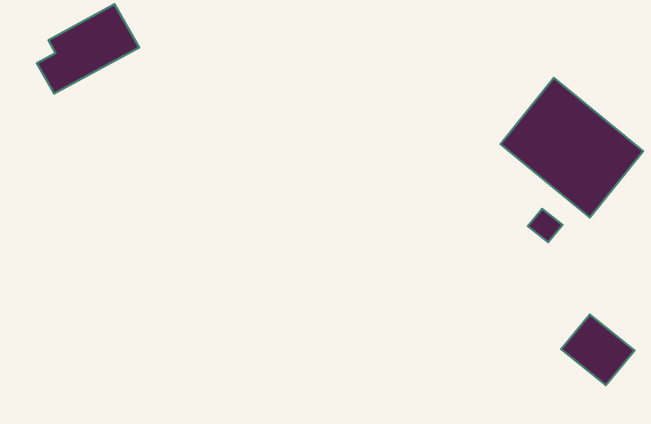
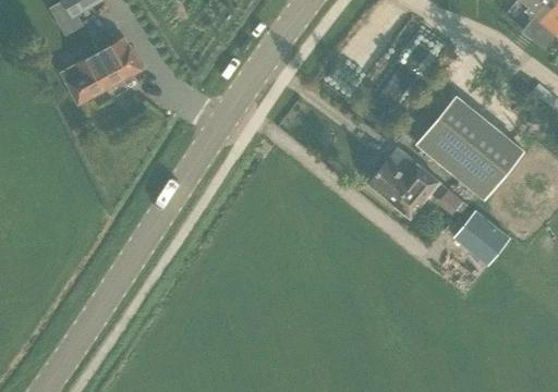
building: none -> [367,160,439,219]
building: [561,315,635,385] -> [453,211,509,265]

